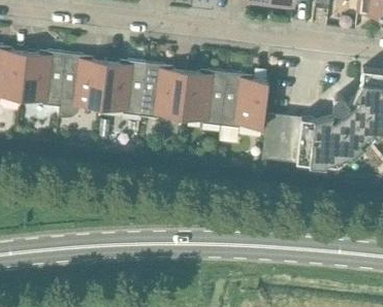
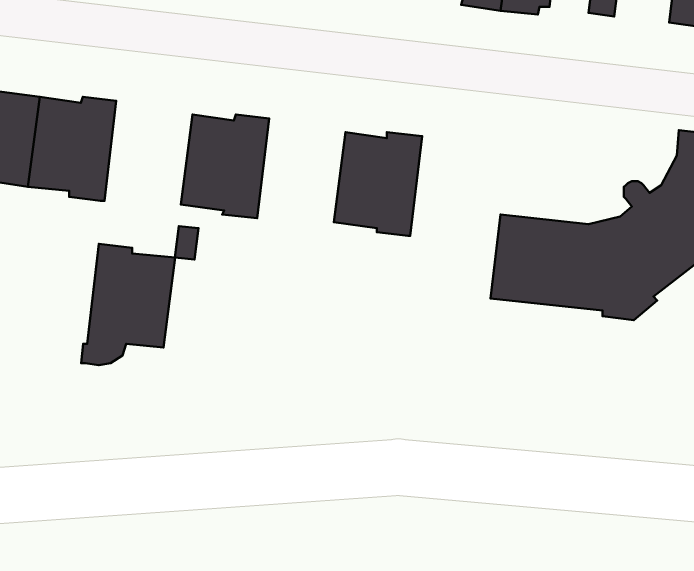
building: [57,54,106,117] -> [81,244,175,365]
building: [140,63,187,117] -> none
building: [219,72,267,142] -> none

